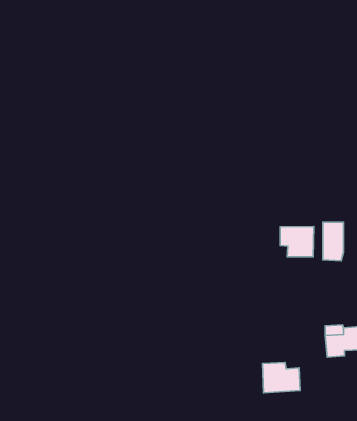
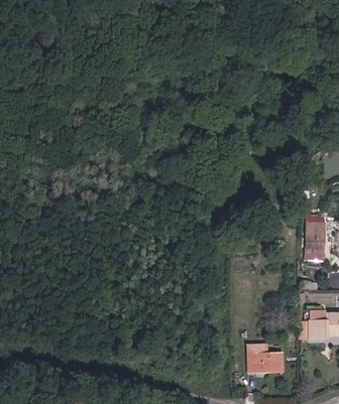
building: [280,226,314,257] -> none

